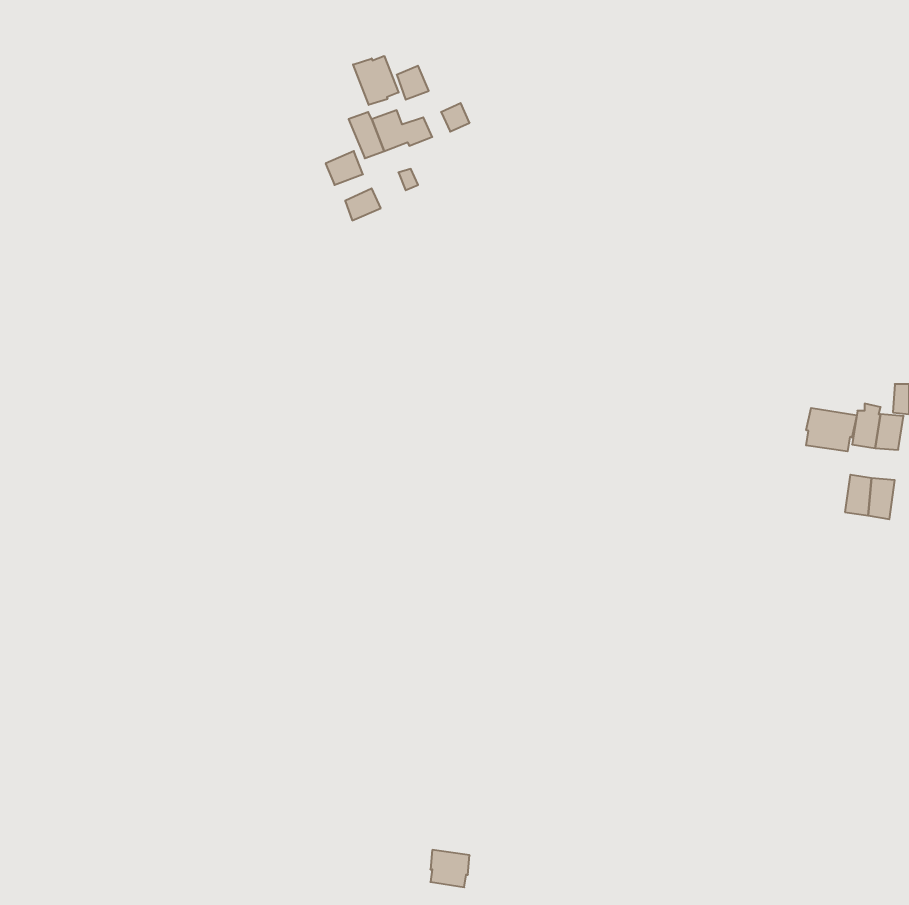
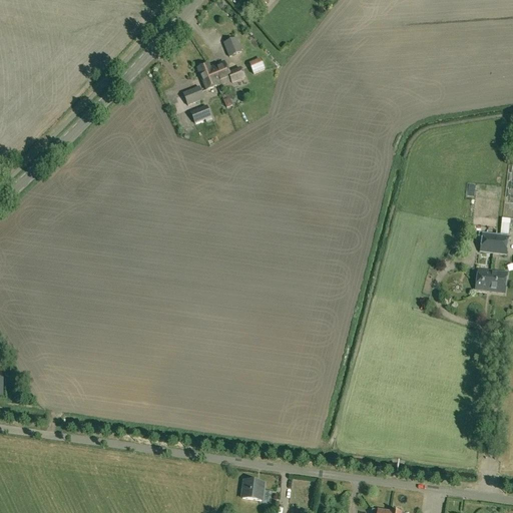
building: [353,56,399,105] -> none
building: [806,408,857,451] -> none

